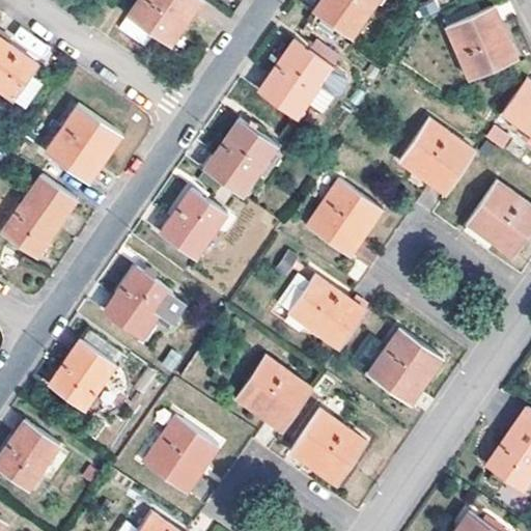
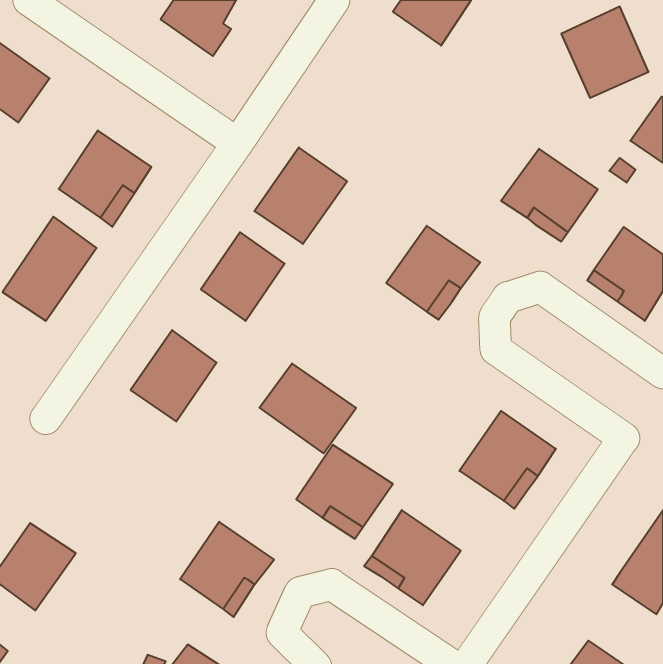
building: [257,39,331,117] -> none
building: [287,277,364,348] -> [259,363,356,453]
building: [49,337,116,408] -> none

